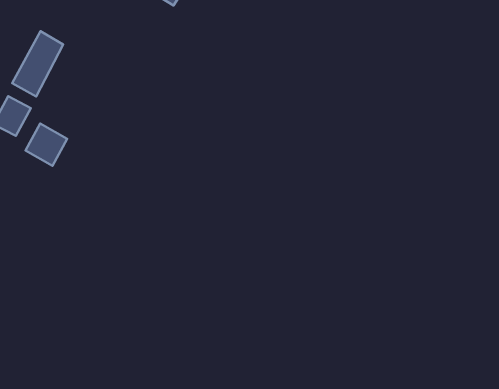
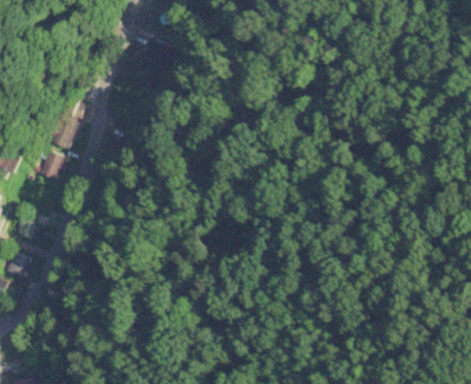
building: [25,123,67,166] -> none

